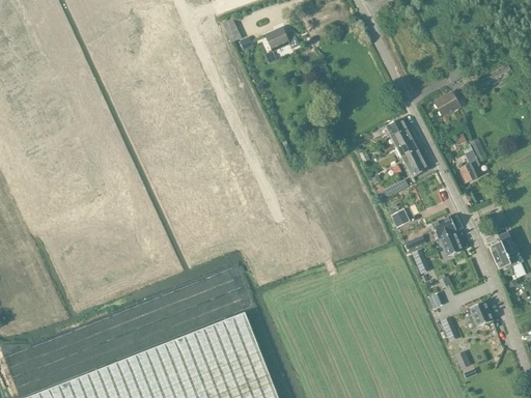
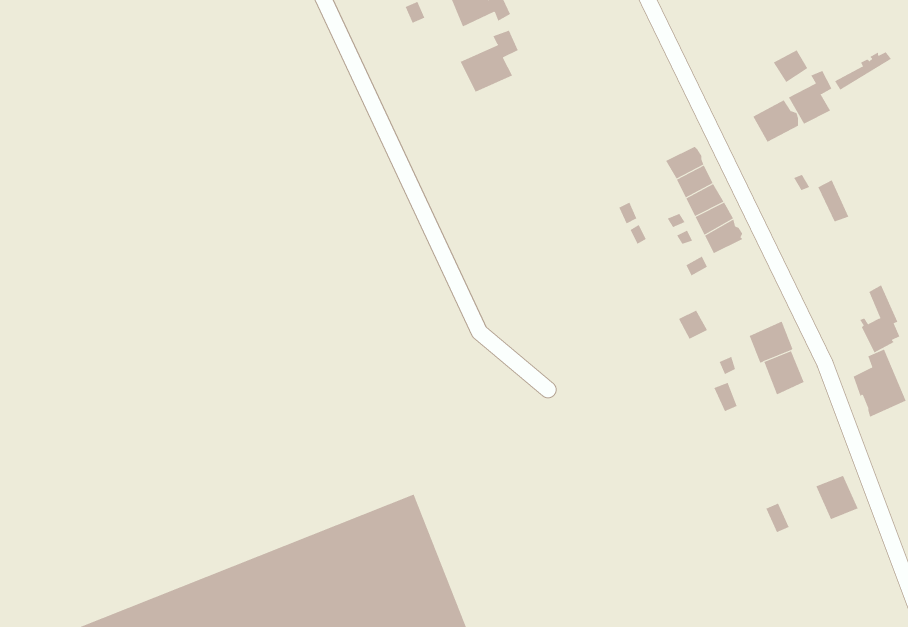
building: none -> [460,30,519,92]
building: none -> [788,70,832,125]
building: [457,145,480,183] -> [859,285,900,353]

